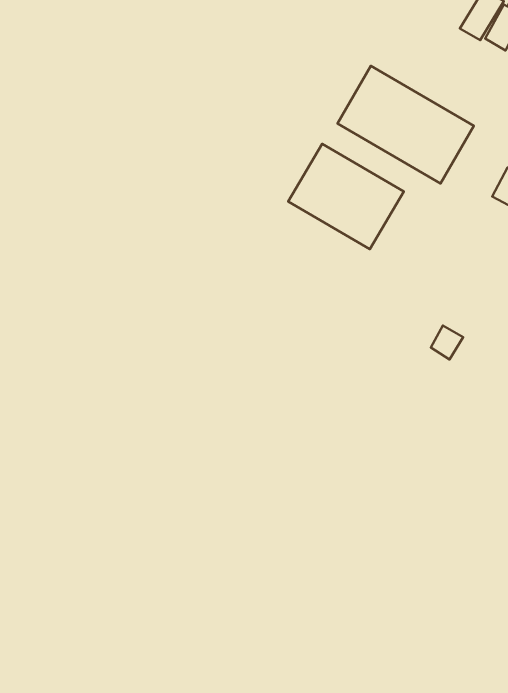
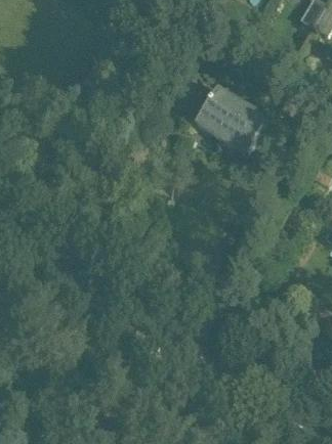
building: [338,66,474,183] -> none

